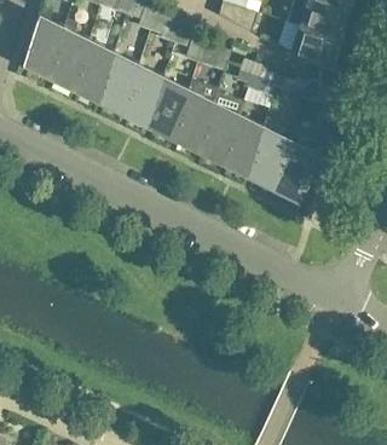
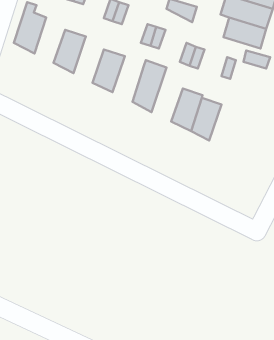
building: [48,23,88,87] -> none
building: [98,57,138,112] -> none
building: [148,82,187,137] -> none
building: [197,97,242,162] -> none
building: [271,132,328,200] -> none

